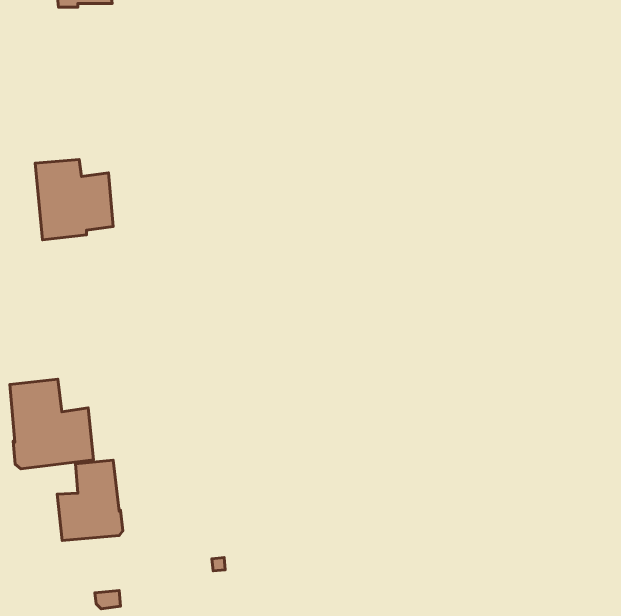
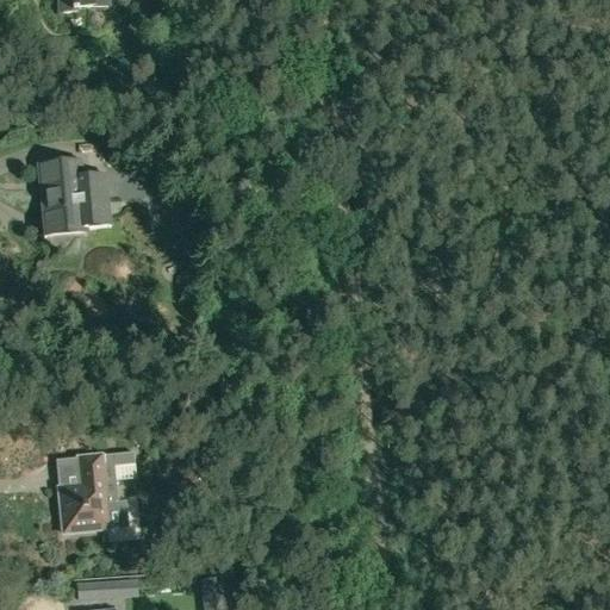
building: [10,379,94,469] -> none

